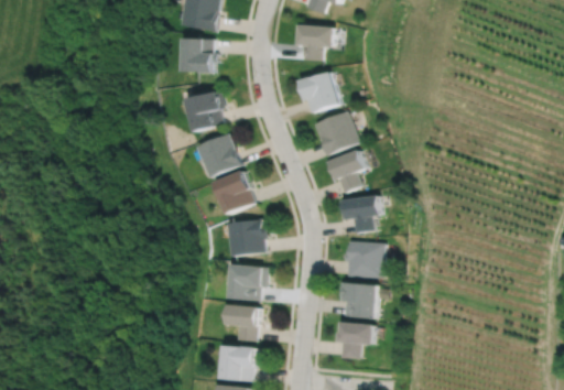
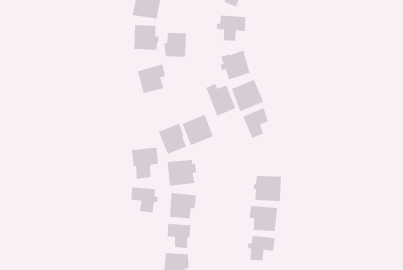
building: none -> [164,32,187,58]
building: none -> [205,83,236,117]
building: [197,133,241,177] -> [182,114,214,146]
building: [339,195,381,232] -> none
building: none -> [131,147,159,180]
building: none -> [130,186,158,213]

